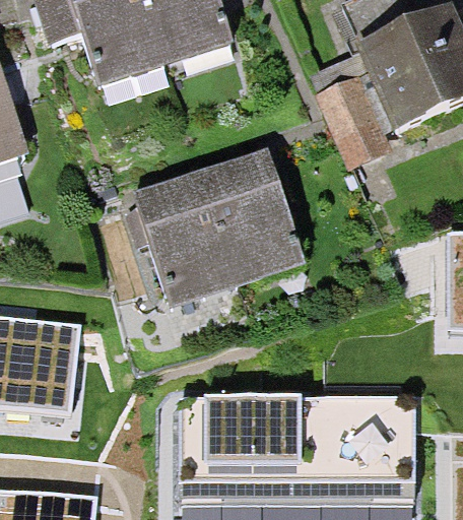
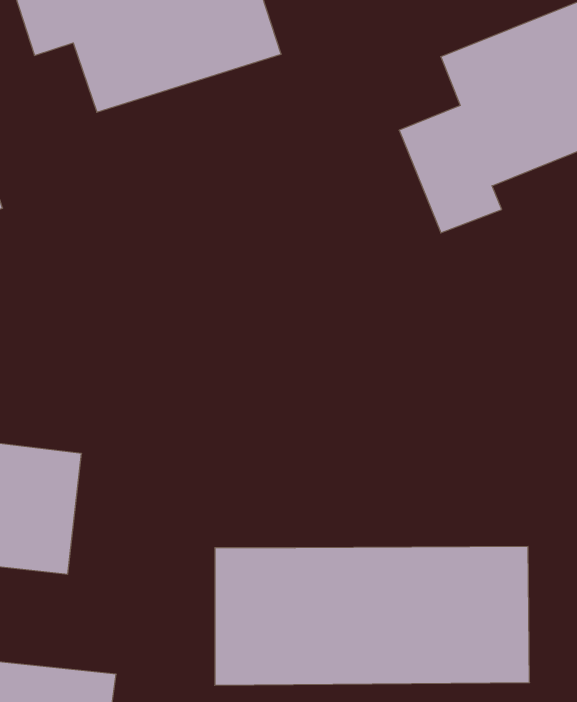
building: [130,148,299,304] -> none

